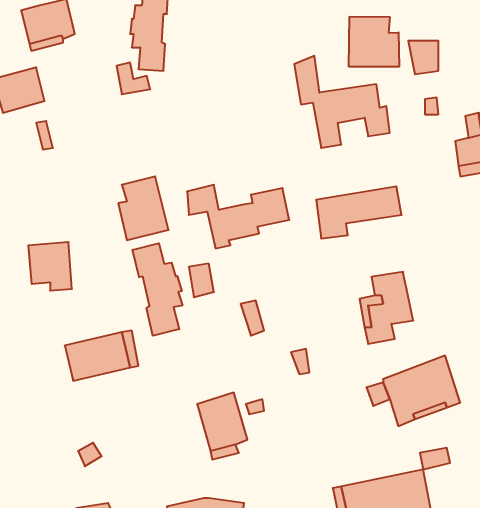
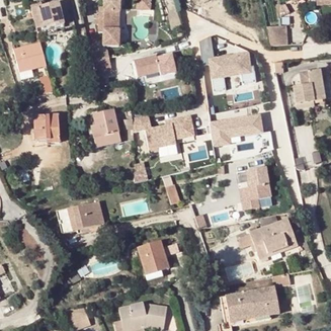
building: [349,17,399,67] -> none
building: none -> [134,54,176,75]
building: [28,242,72,291] -> [33,113,60,143]
building: [133,243,182,336] -> none

